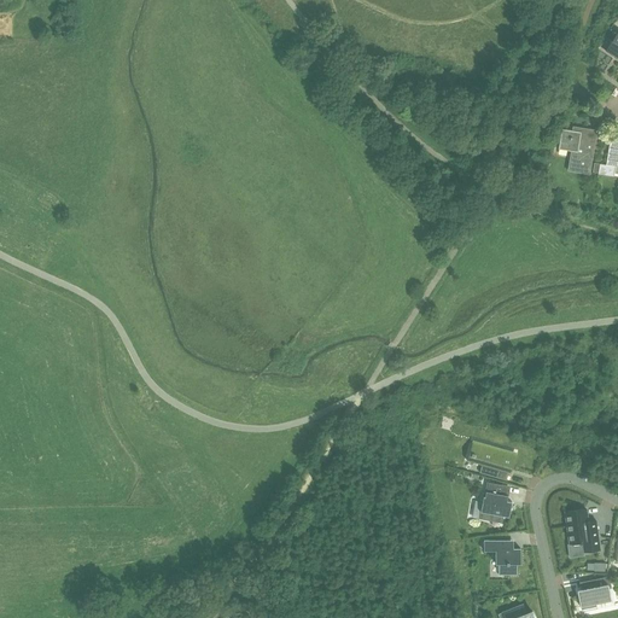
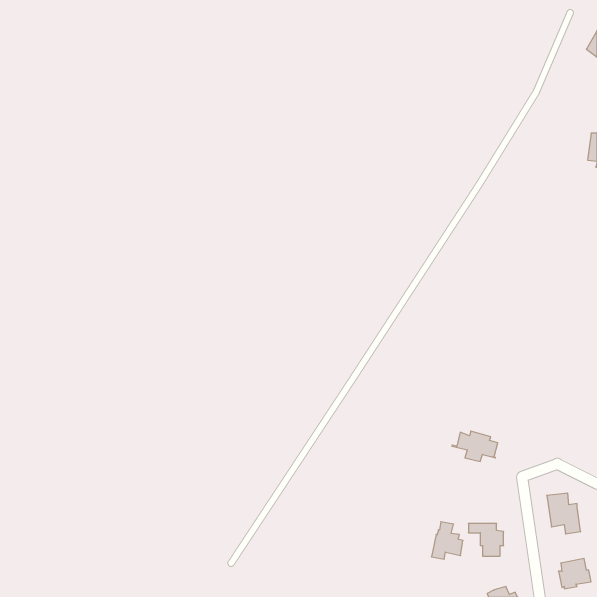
building: [559,127,597,175] -> none
building: [479,483,512,521] -> [431,522,463,559]

